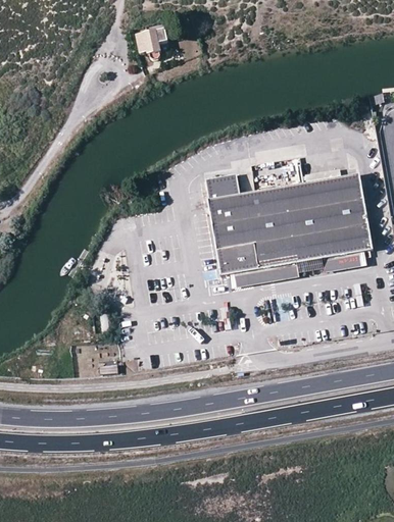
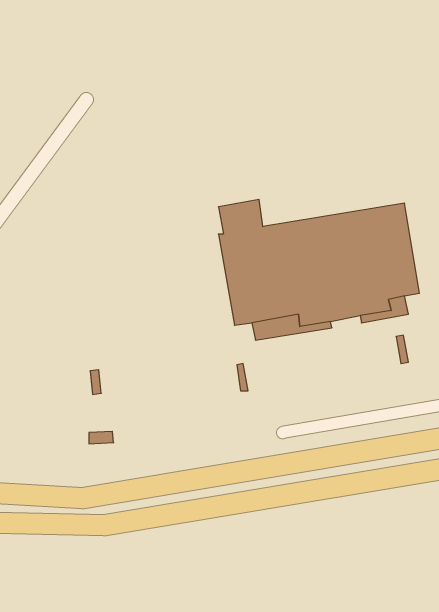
building: [137,22,168,58] -> none

